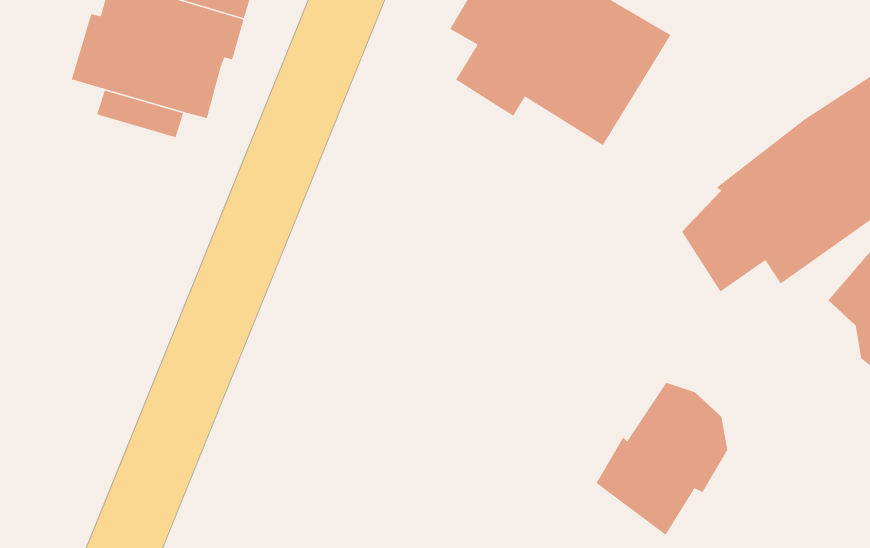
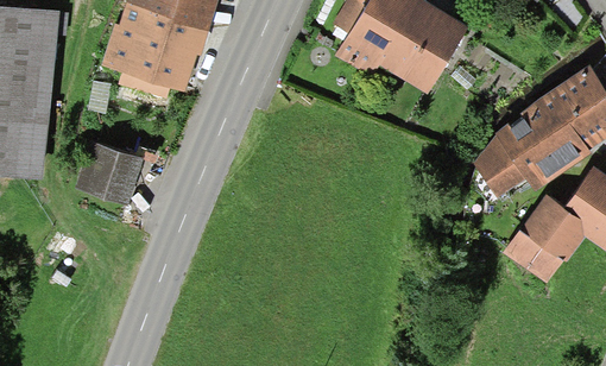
building: none -> [75,137,144,201]
building: [595,382,728,536] -> [504,190,585,284]

